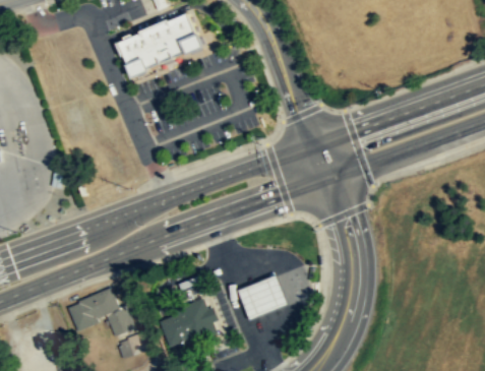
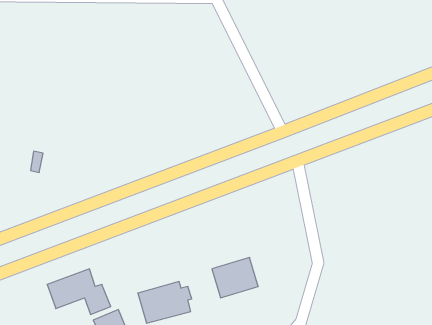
building: [117,12,200,74] -> none

